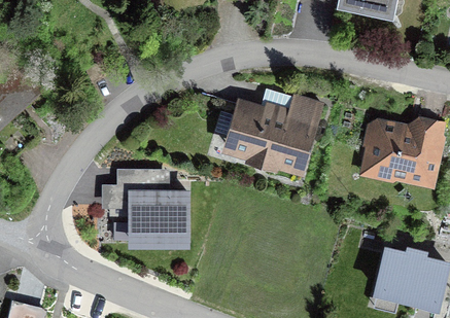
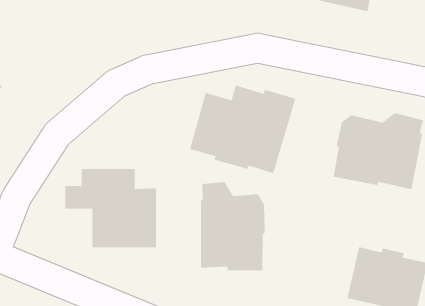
building: none -> [200,181,265,271]

